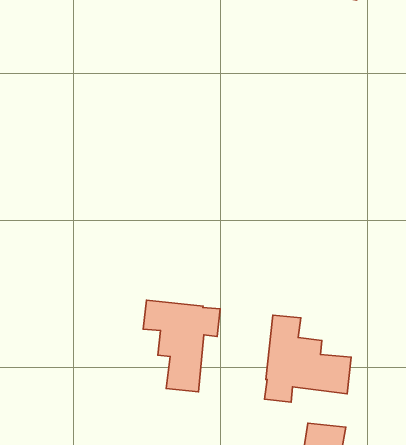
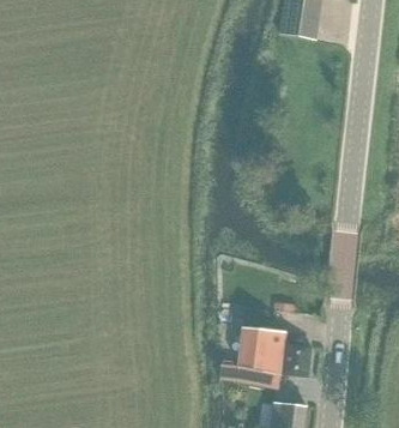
building: [143,300,220,392] -> none

